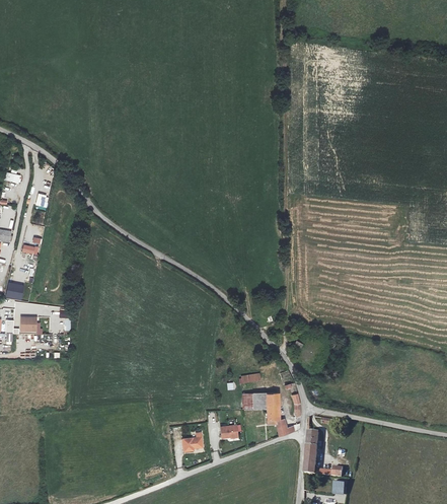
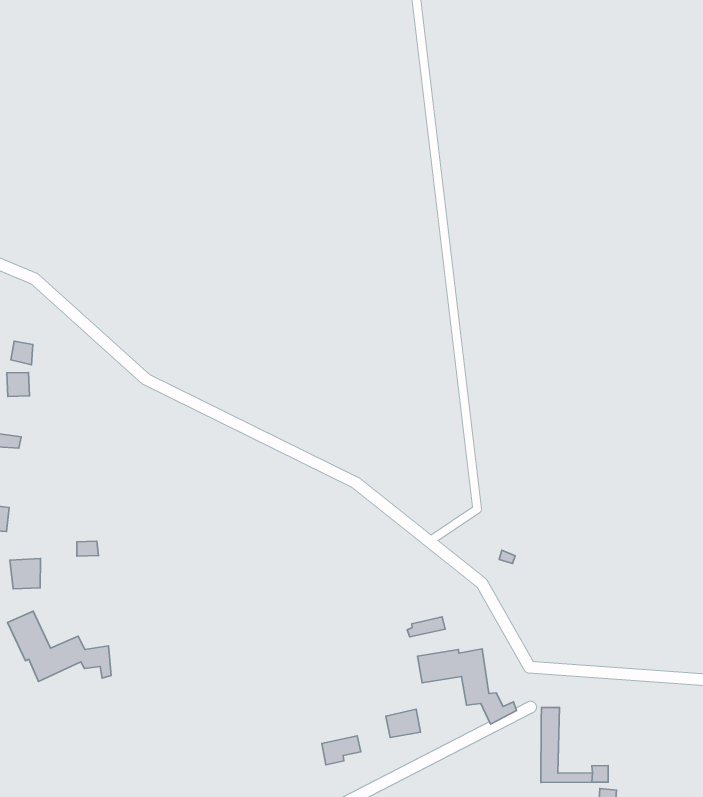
building: none -> [7,611,111,681]

